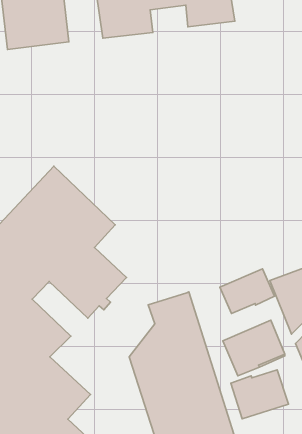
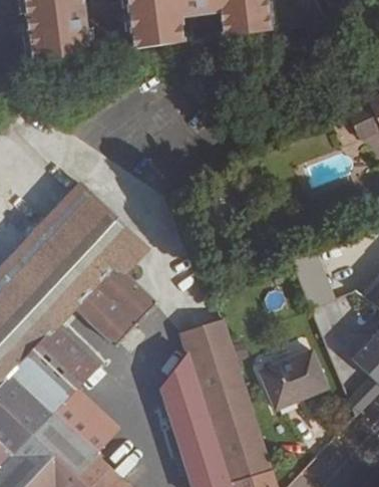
building: [220,269,274,314] -> none
building: [231,370,288,419] -> none

